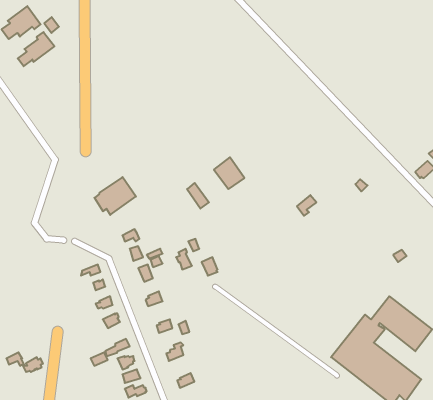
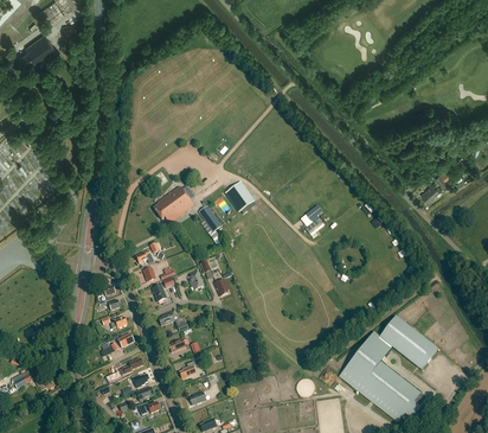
building: [18,32,54,66] -> none
building: [94,177,136,215] -> [153,186,193,223]

